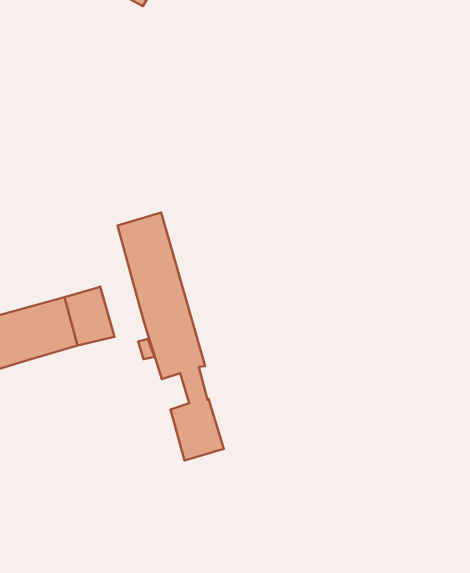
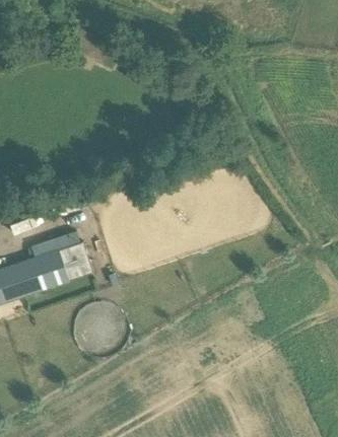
building: [118,213,224,460] -> none

